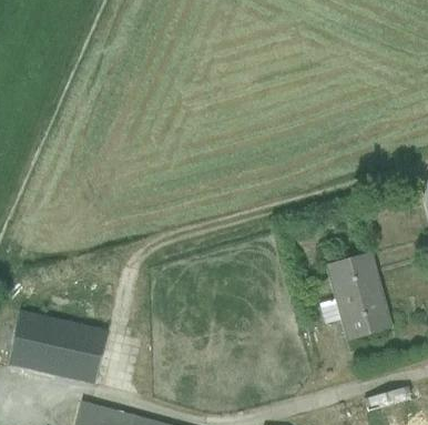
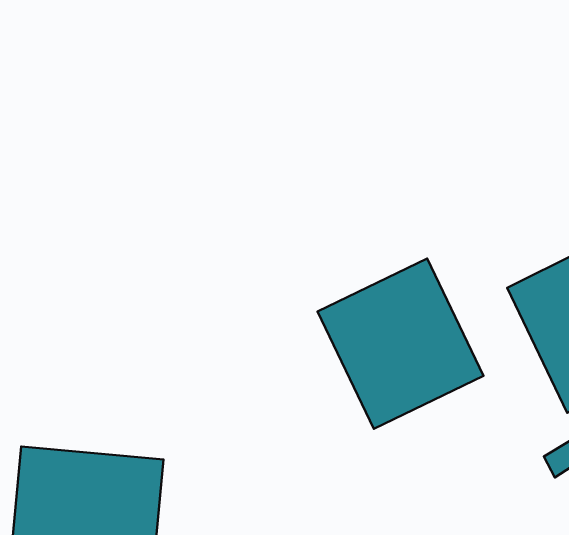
building: none -> [317,258,483,429]

